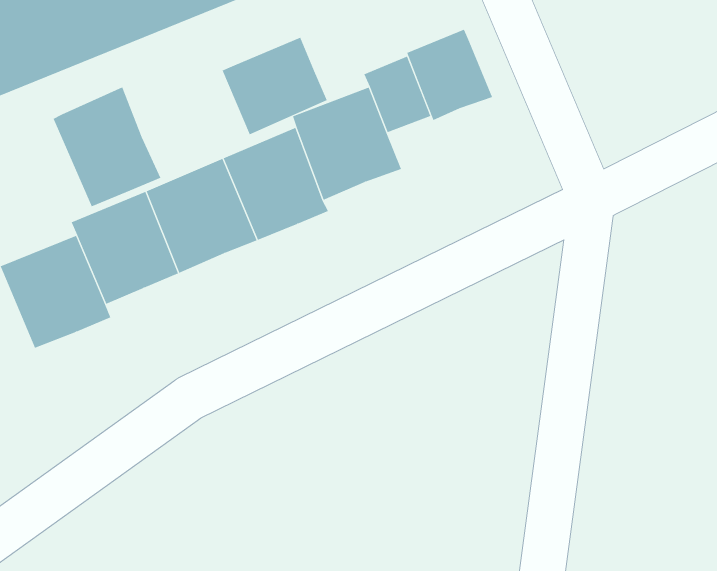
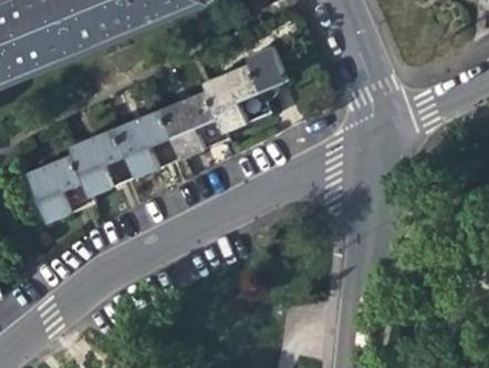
building: [406,29,493,121] -> none
building: [222,37,327,135] -> none
building: [53,86,161,207] -> none

